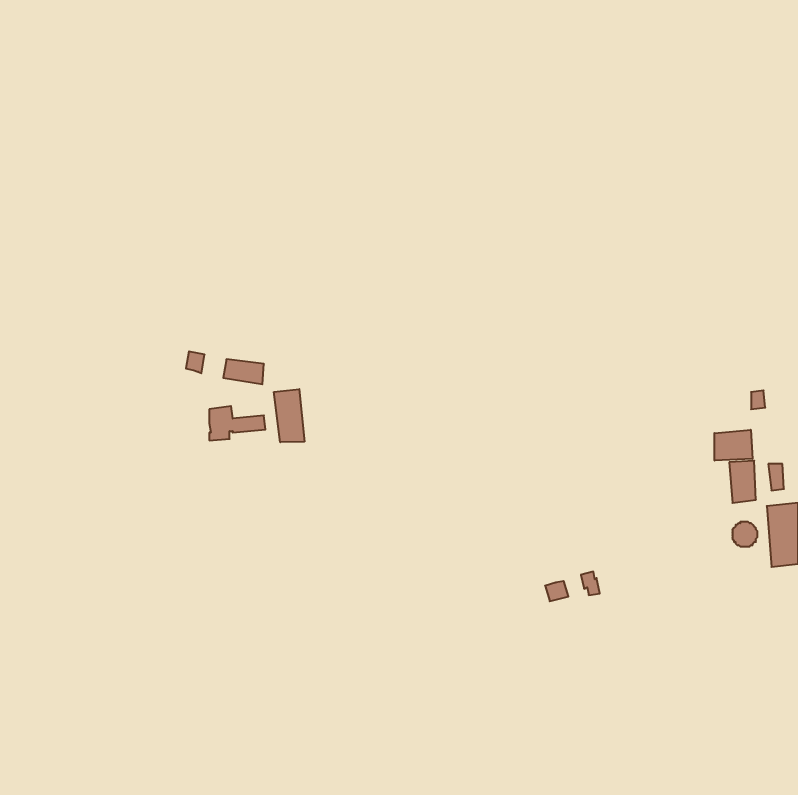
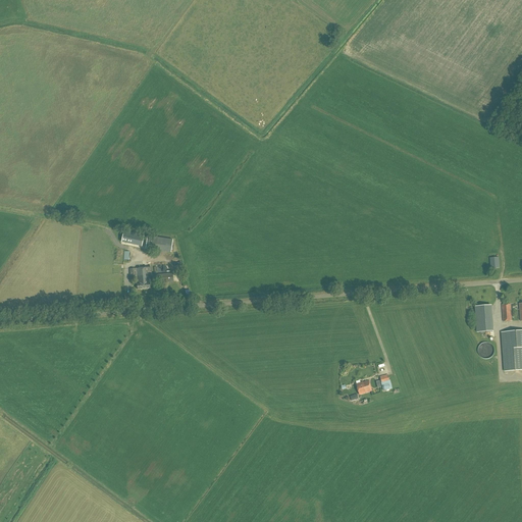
building: [274,389,304,442] -> none
building: [714,430,753,461] -> none

